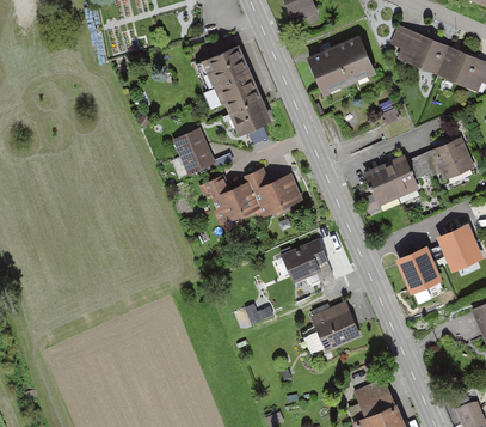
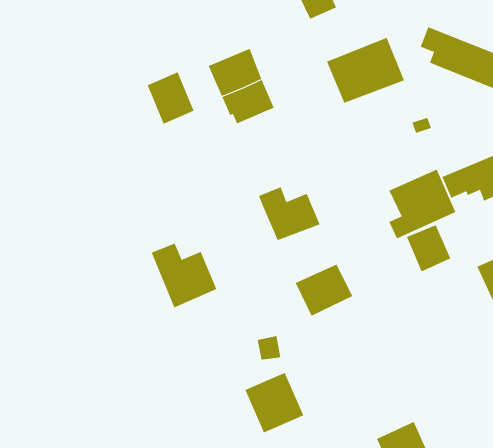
building: [228,98,272,138] -> none
building: [171,128,213,175] -> [147,72,194,125]
building: [205,175,264,232] -> [151,243,217,308]
building: [399,249,438,291] -> [406,225,451,272]
building: [309,299,362,353] -> [244,372,304,433]

